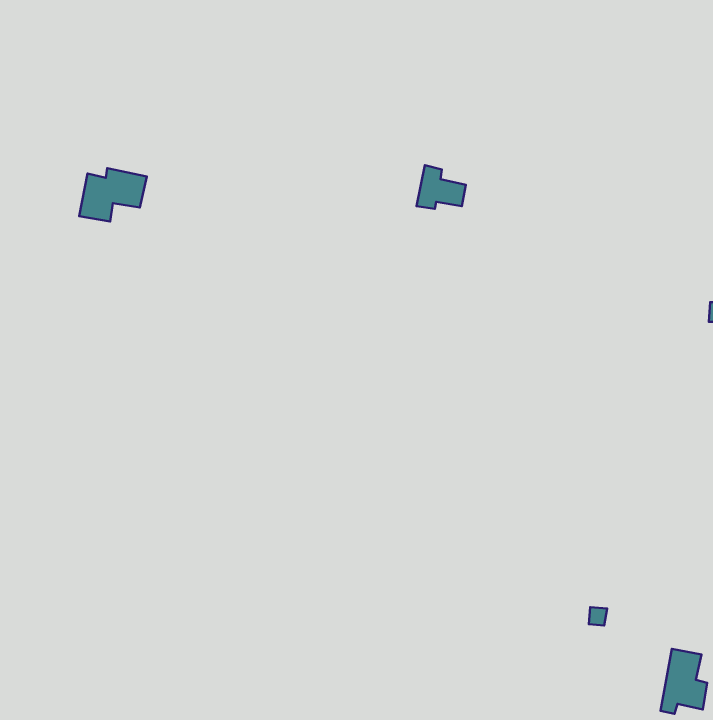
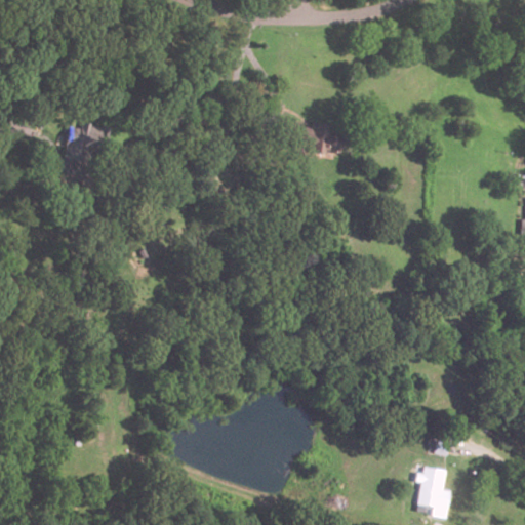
building: [660,649,707,714] -> [415,467,449,514]

